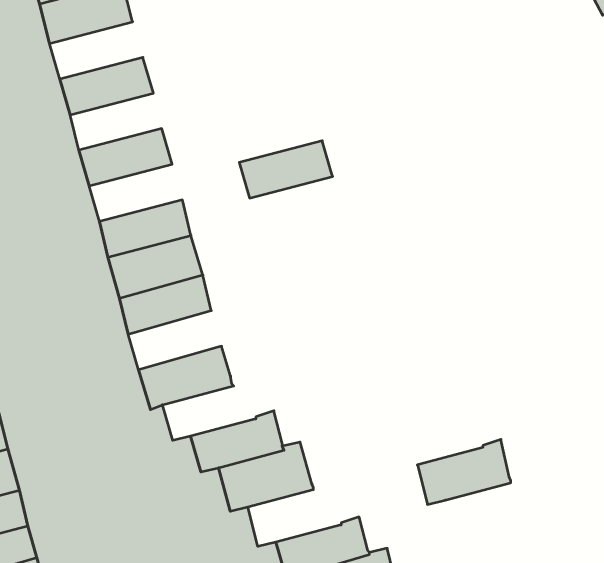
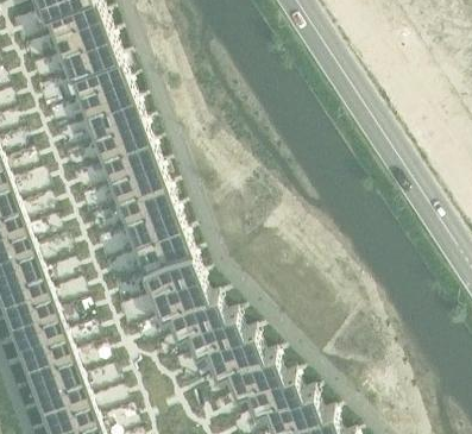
building: none -> [68,74,126,113]
building: none -> [84,117,141,156]
building: [239,141,333,198] -> [100,159,158,199]
building: none -> [132,247,190,288]
building: none -> [157,289,215,329]
building: [417,439,511,504] -> [215,346,273,390]

